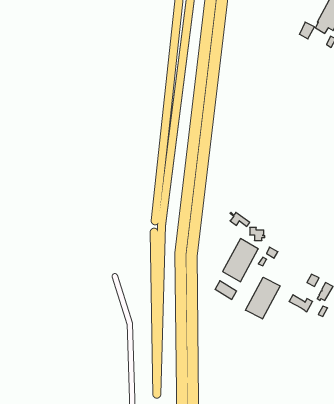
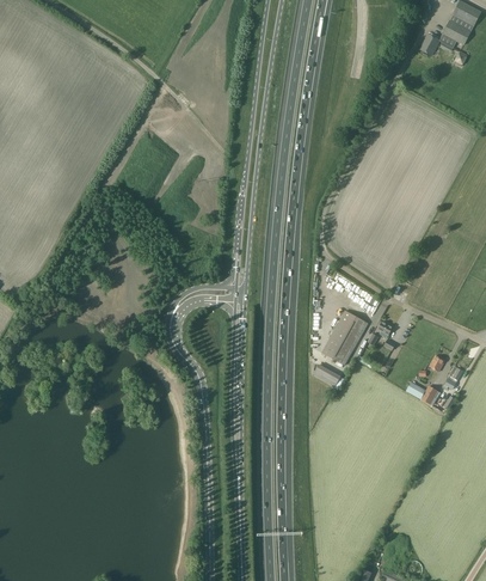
building: [245,277,280,319] -> none

